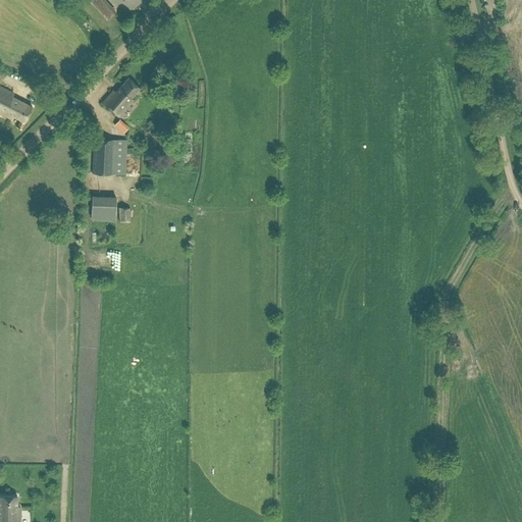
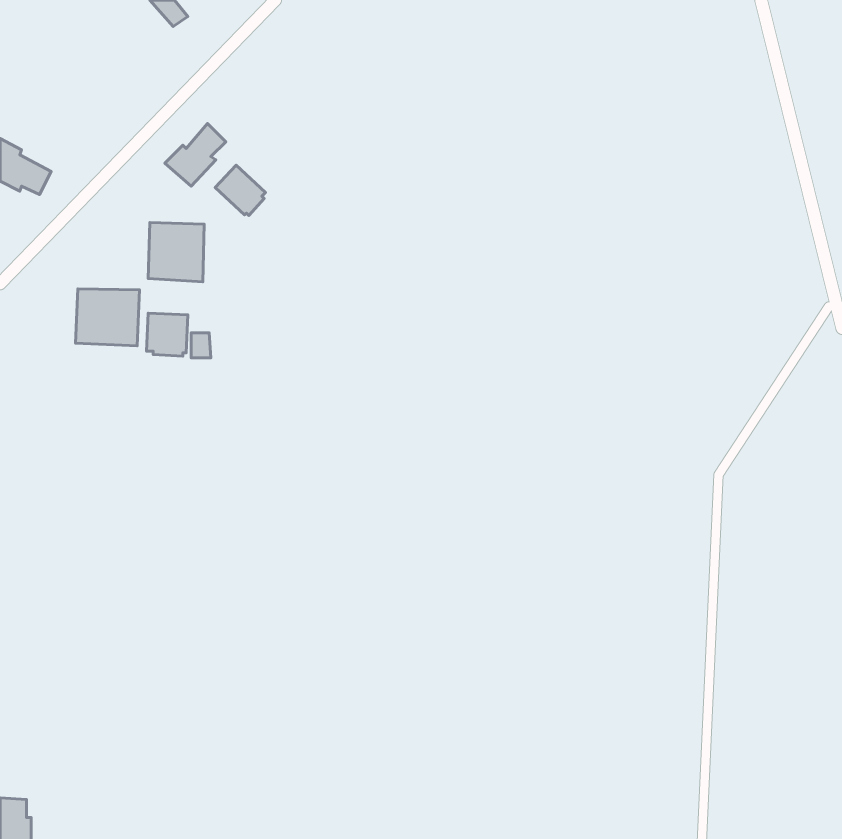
building: none -> [215,165,265,216]
building: none -> [76,289,140,346]

